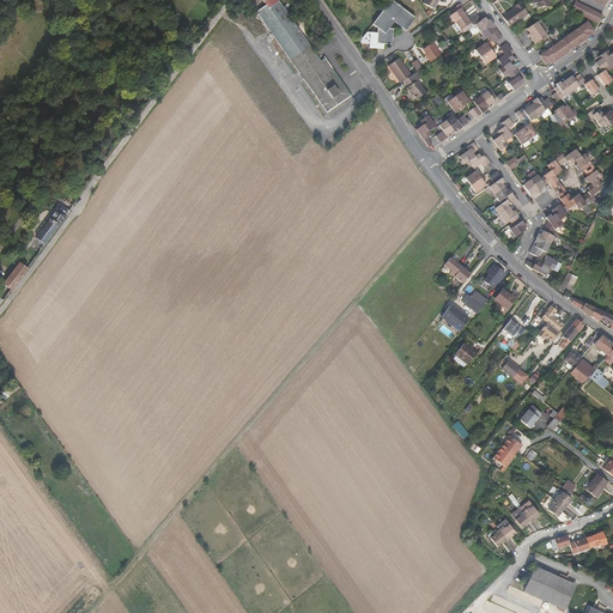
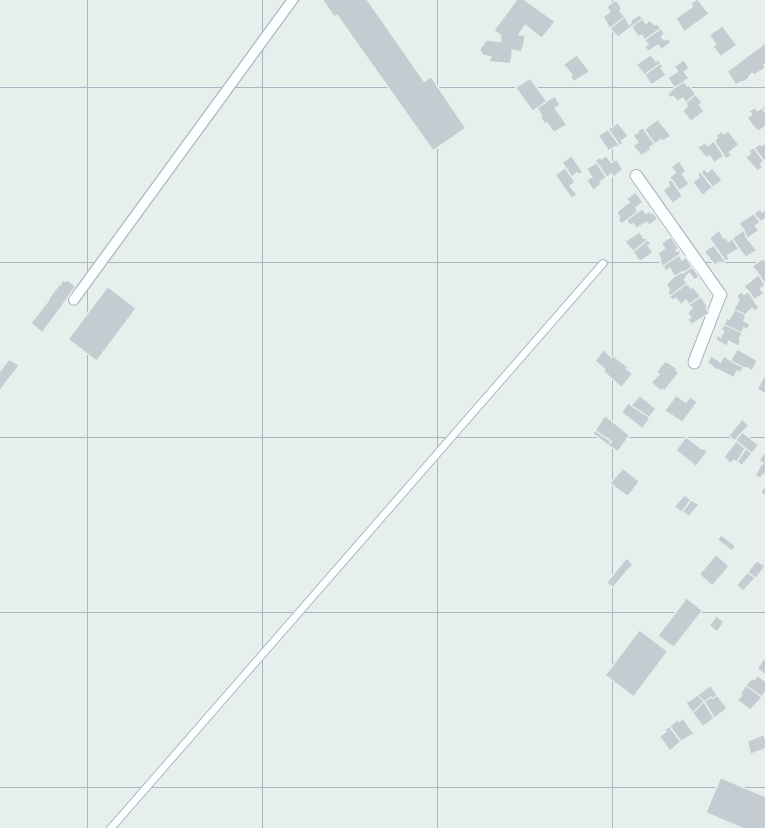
building: none -> [68,287,136,361]
building: none -> [605,630,668,697]

